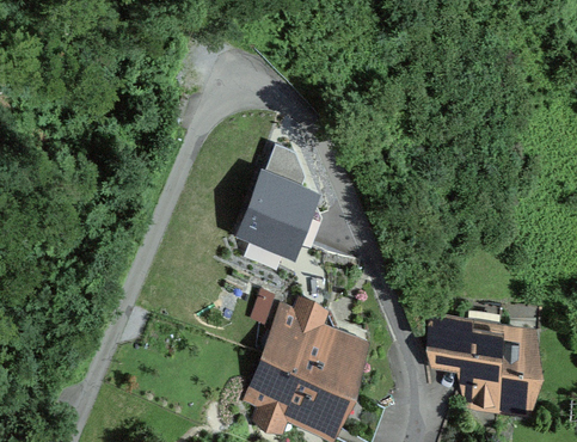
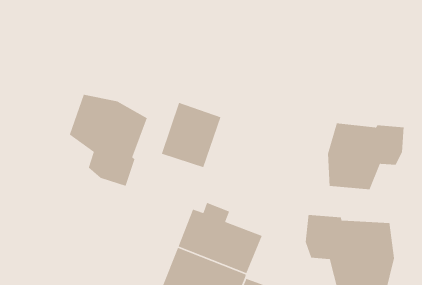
building: none -> [69,94,148,187]
building: none -> [327,122,405,190]

